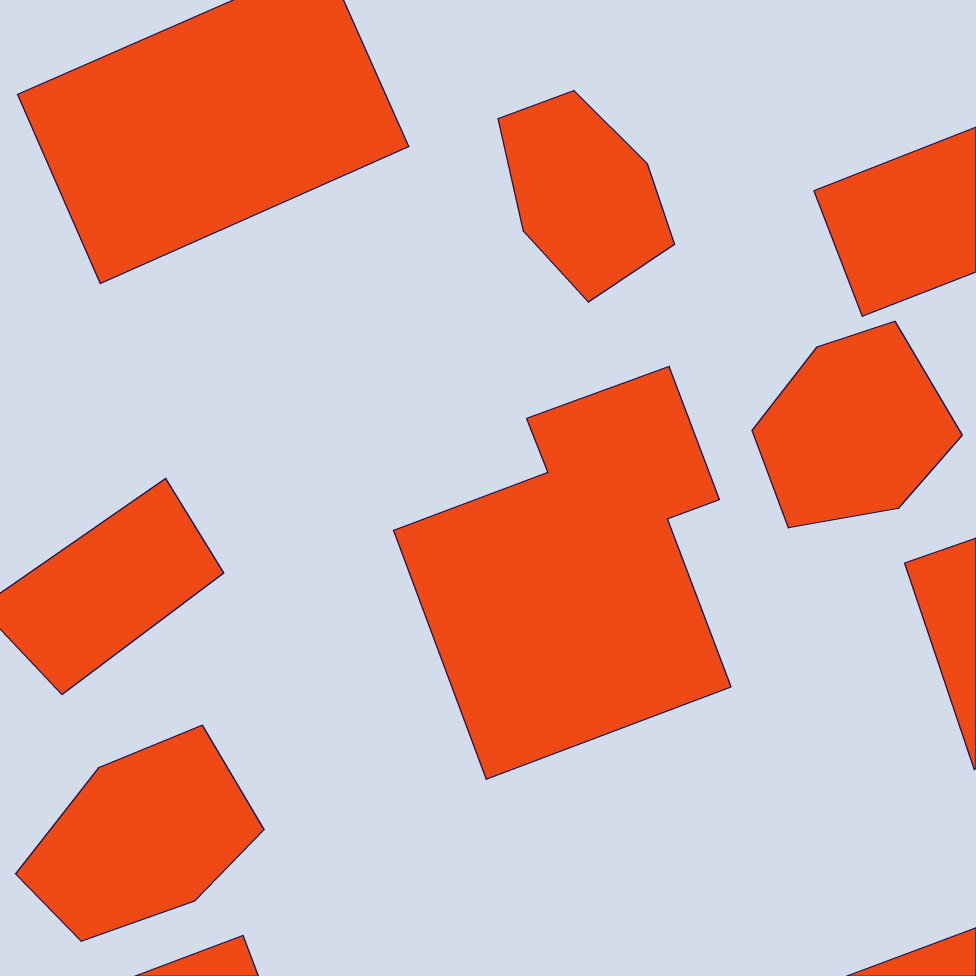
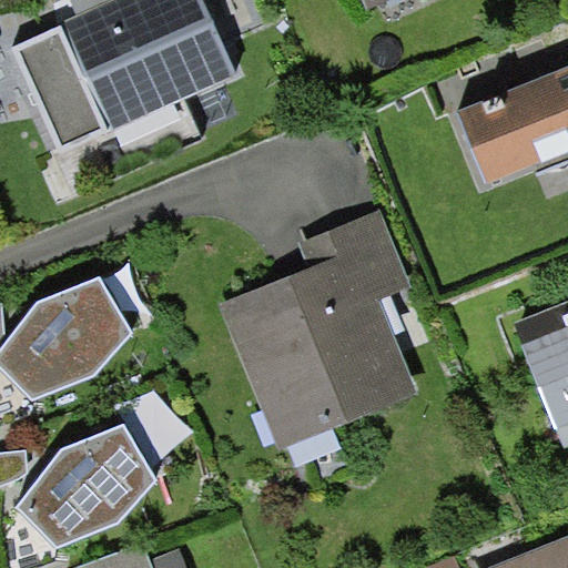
building: [498,90,675,302] -> none
building: [752,321,962,528] -> none

